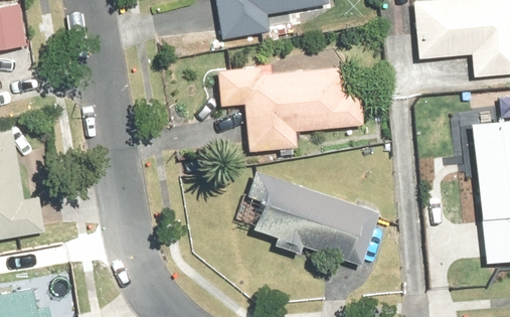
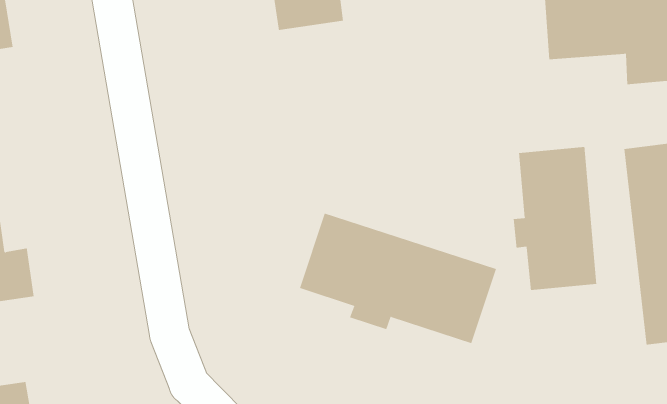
building: [214,65,363,152] -> none
building: none -> [513,146,597,291]

